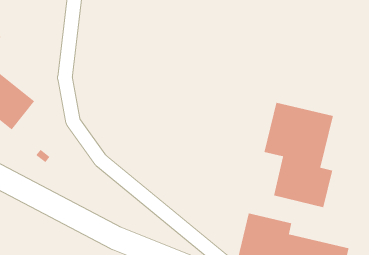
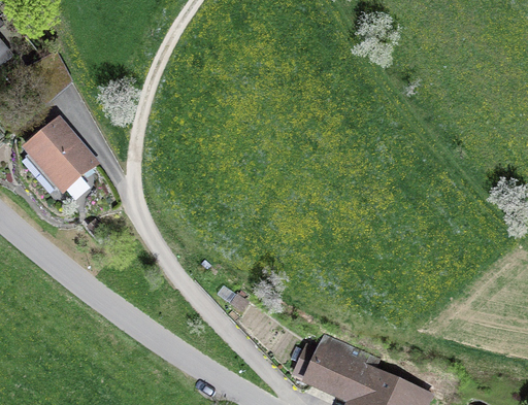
building: [264,102,334,208] -> none

